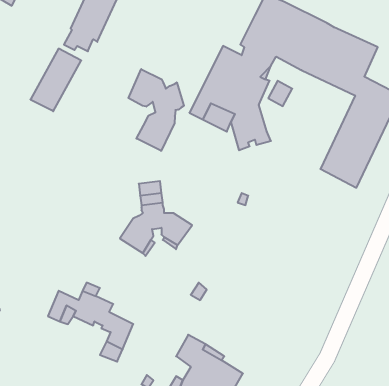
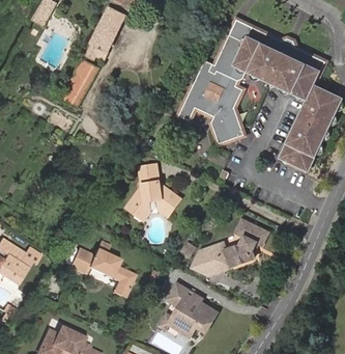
building: [128,69,184,151] -> none
building: none -> [195,218,271,275]

